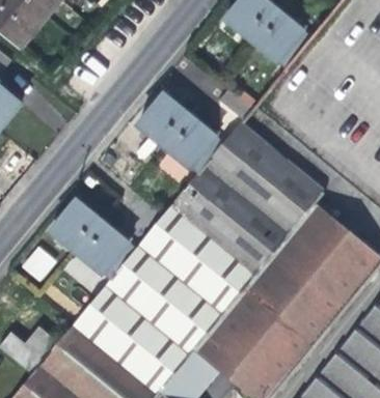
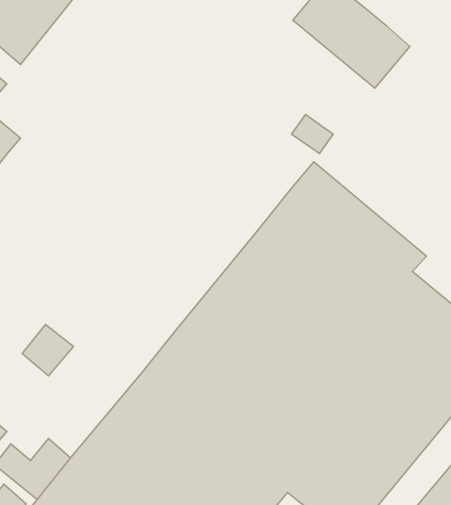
building: [135,90,221,173] -> none
building: [48,196,135,279] -> none

